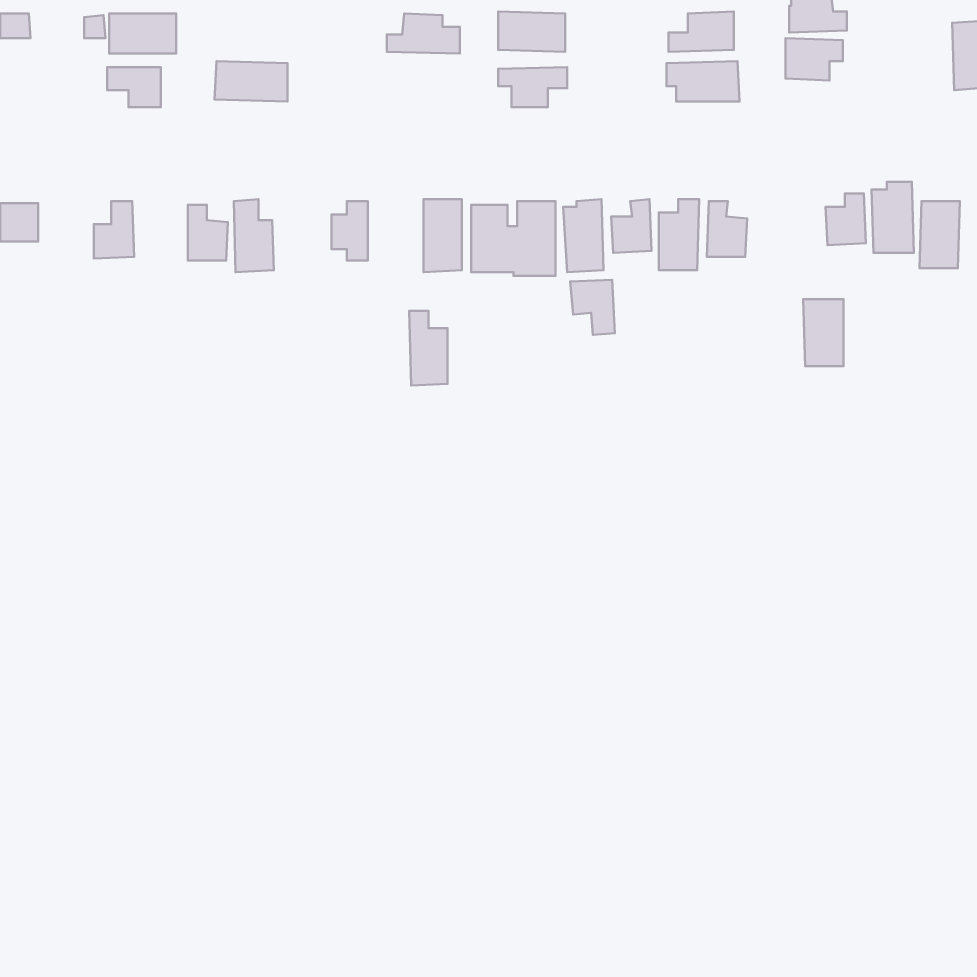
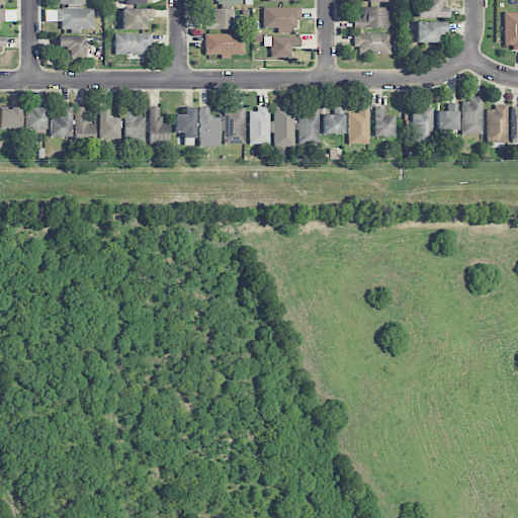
building: none -> [122,7,153,28]
building: none -> [205,32,245,55]
building: none -> [74,106,96,143]
building: none -> [150,106,171,143]
building: none -> [25,107,47,128]
building: [570,280,615,335] -> none
building: [803,299,843,366] -> [412,108,433,144]
building: [409,311,448,386] -> [199,106,220,146]

